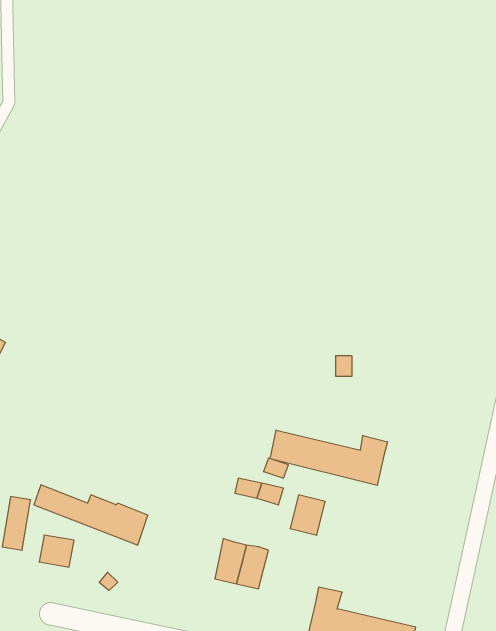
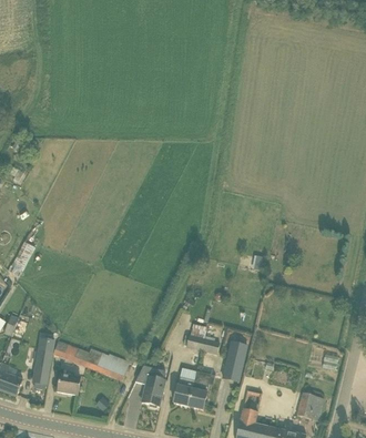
building: [270,430,388,485] -> none
building: none -> [134,364,167,407]
building: none -> [296,391,323,419]

